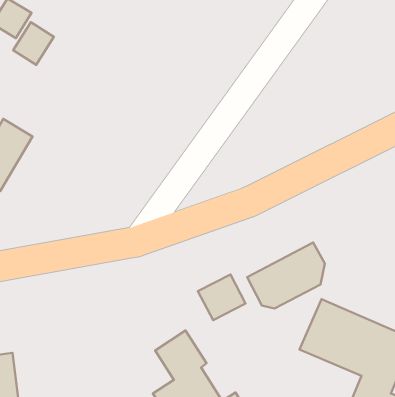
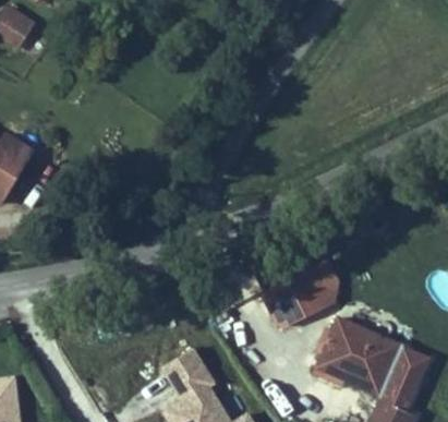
building: [13,22,54,65] -> none
building: [198,275,246,320] -> none

